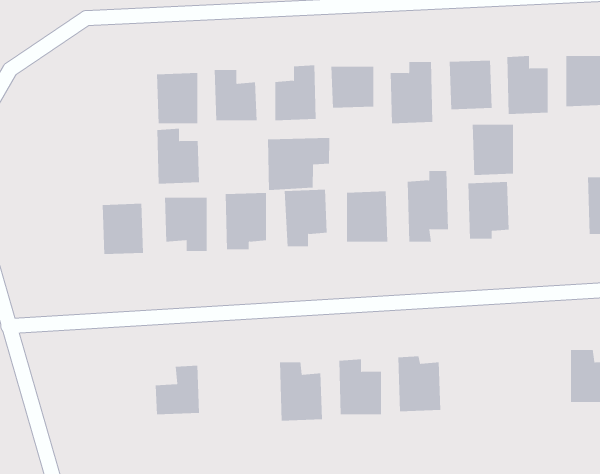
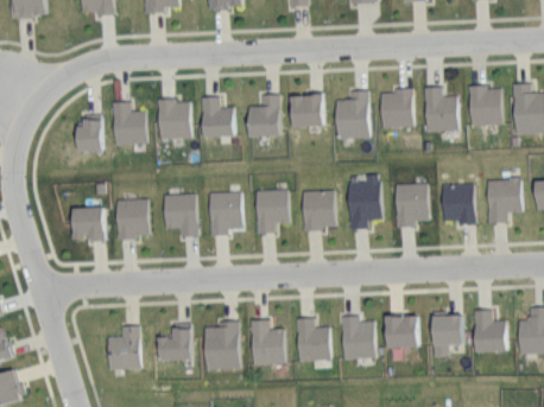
building: none -> [76,114,102,152]
building: [472,124,514,176] -> [442,184,474,223]
building: [156,128,200,184] -> [113,101,146,144]
building: [267,137,330,191] -> none
building: none -> [71,208,103,241]
building: none -> [385,316,419,348]
building: none -> [432,316,462,357]
building: none -> [204,322,240,369]
building: none -> [107,326,140,369]

